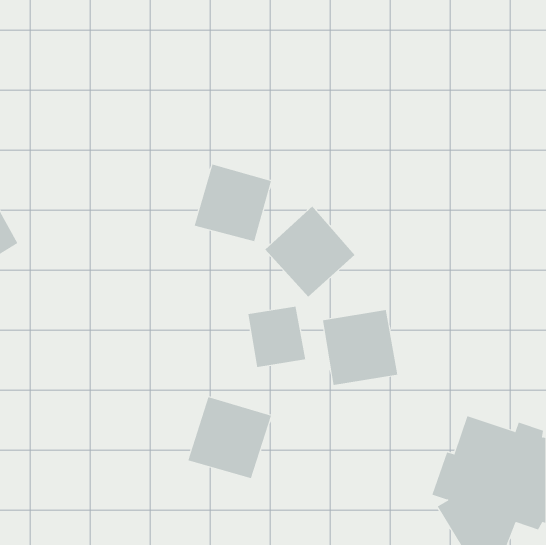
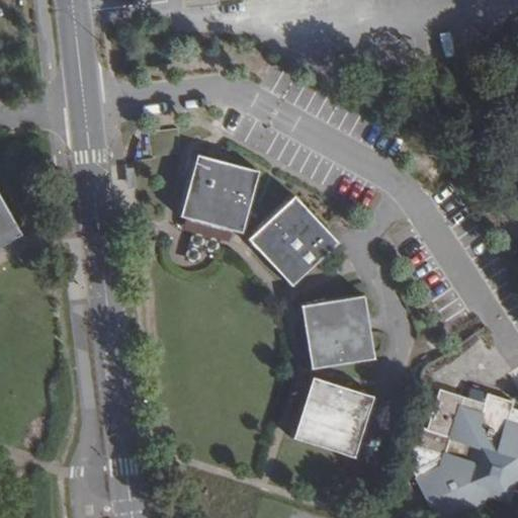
building: [248,306,306,368] -> none
building: [187,396,272,479] -> [296,378,376,456]

